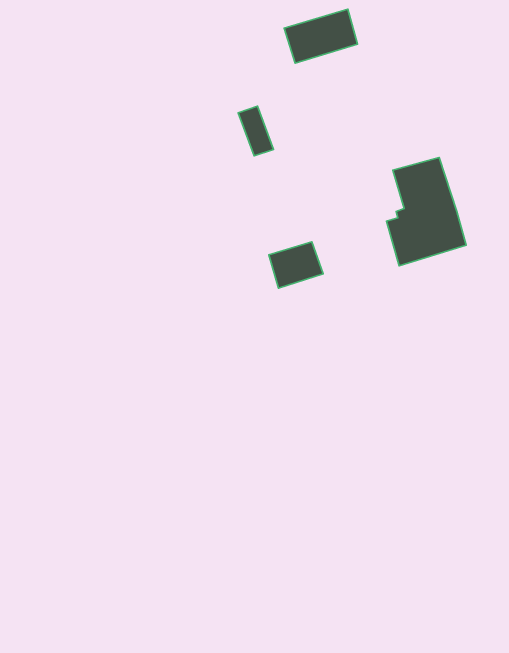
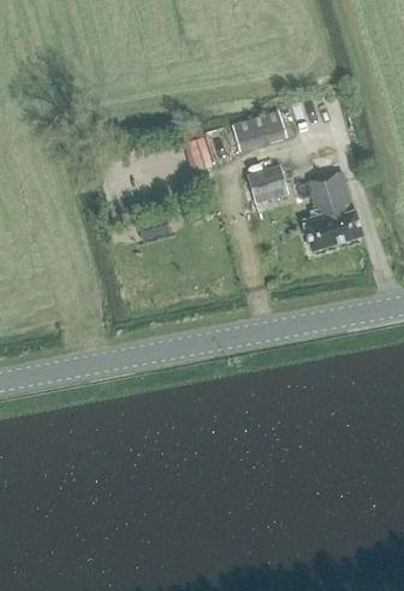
building: [284,9,357,63] -> [230,110,285,150]
building: [269,242,323,288] -> [248,171,289,206]

